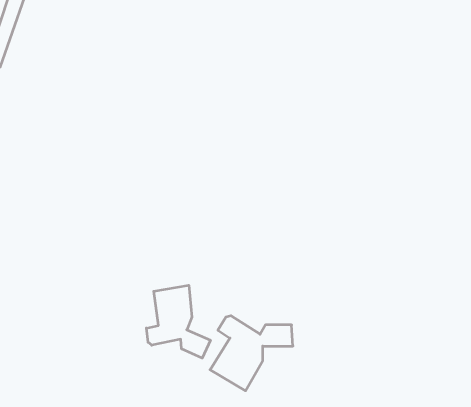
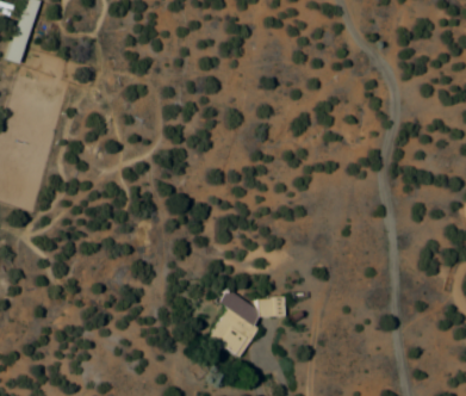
building: [146,285,210,358] -> none

